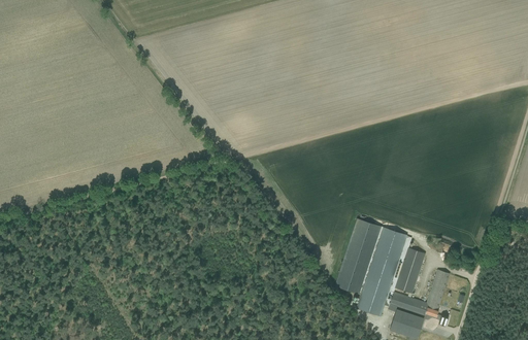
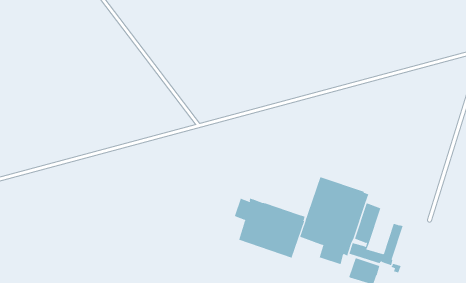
building: none -> [234,198,305,258]

